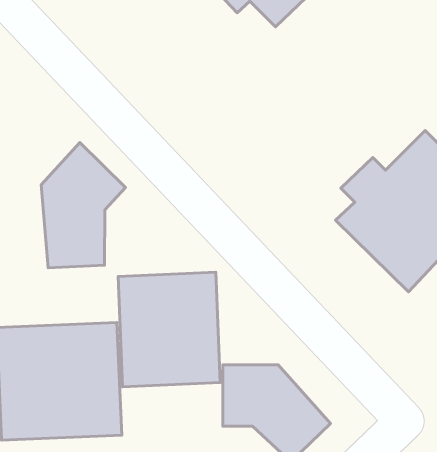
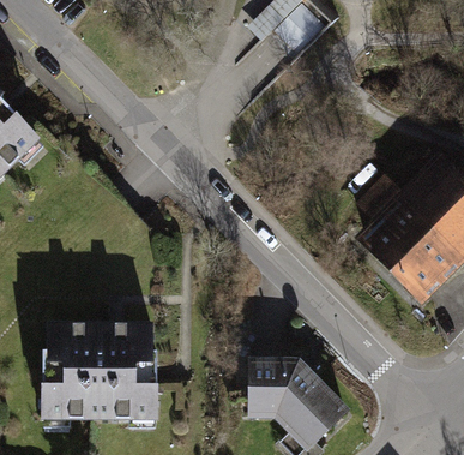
building: [41,143,126,268] -> none
building: [118,272,220,387] -> none

